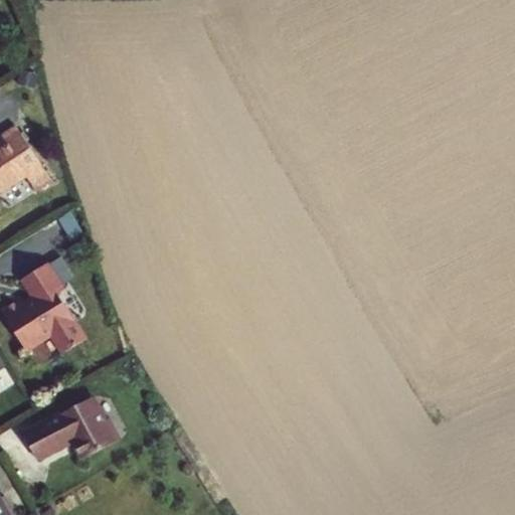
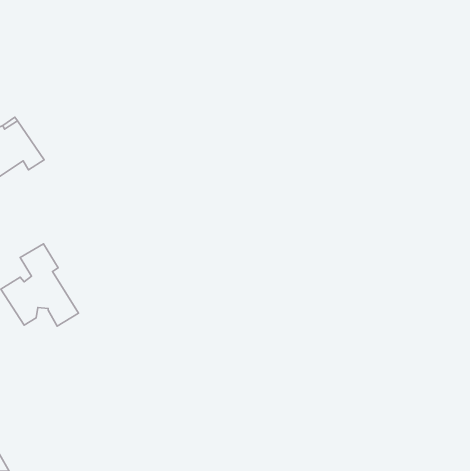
building: [22,392,120,459] -> none

